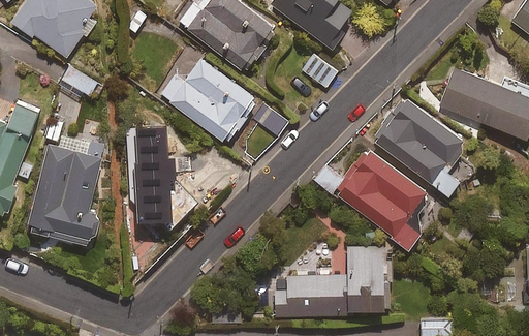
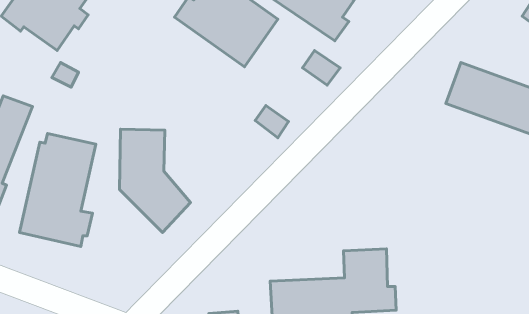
building: [159,59,258,145] -> none
building: [374,98,466,195] -> none
building: [314,148,429,251] -> none

